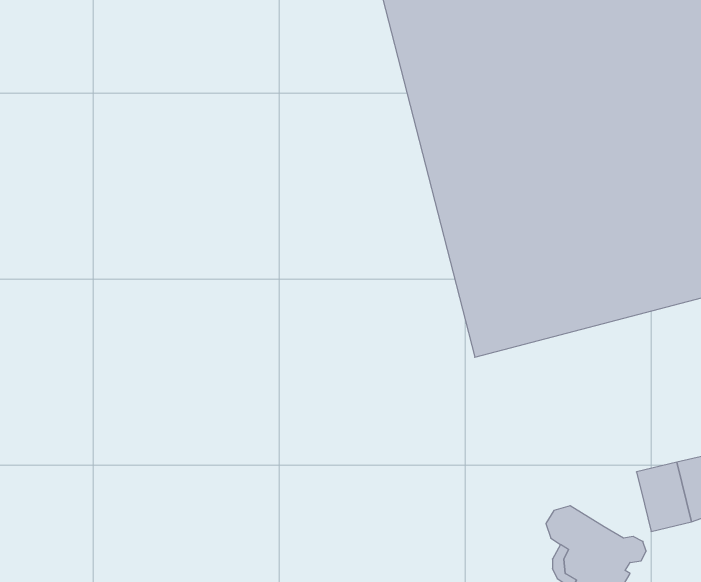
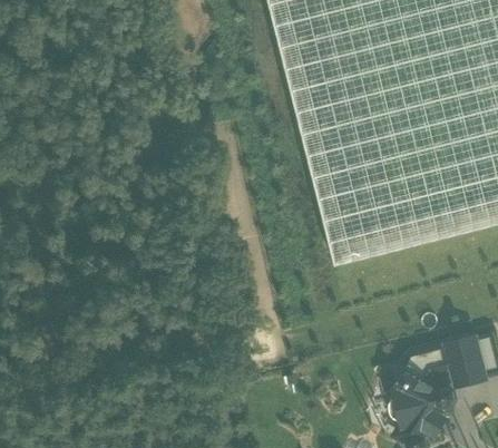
building: none -> [401,344,452,382]

